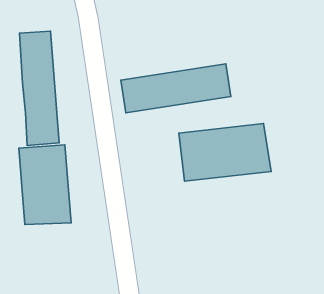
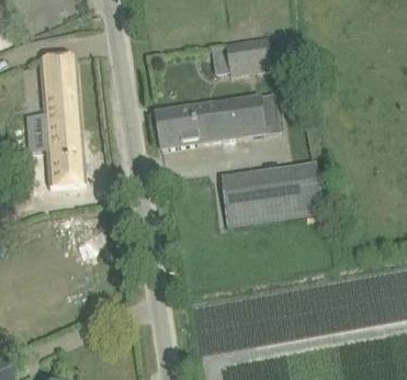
building: none -> [225,37,269,74]
building: [19,145,71,224] -> none

